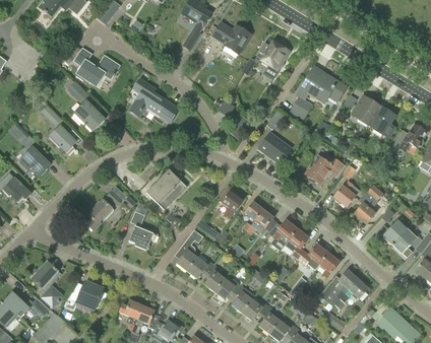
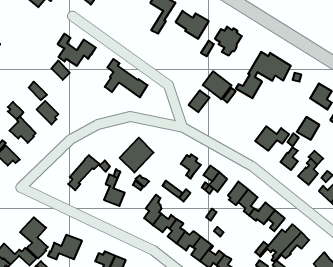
building: [352,96,378,123] -> [297,117,319,140]
building: [75,100,105,130] -> none
building: [257,131,291,163] -> [203,71,232,99]

